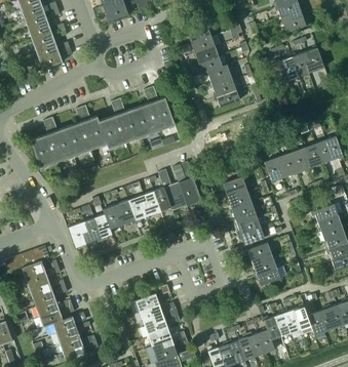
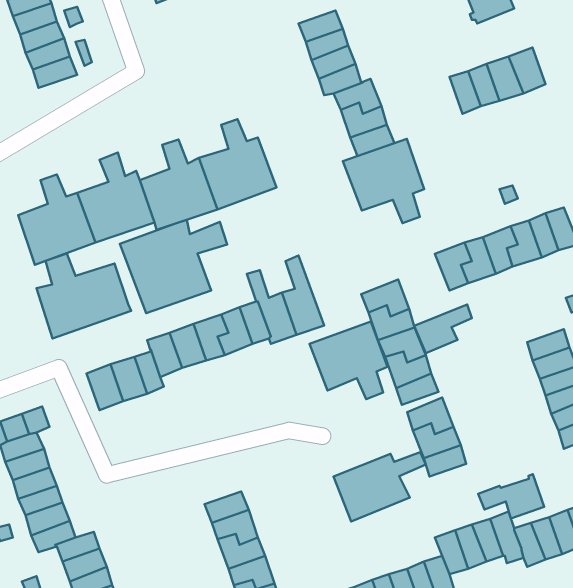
building: none -> [343,139,424,223]
building: none -> [120,220,227,313]
building: none -> [37,253,131,338]
building: none -> [414,305,472,353]
building: none -> [309,321,388,399]
building: none -> [333,452,426,521]
building: none -> [478,474,544,518]

